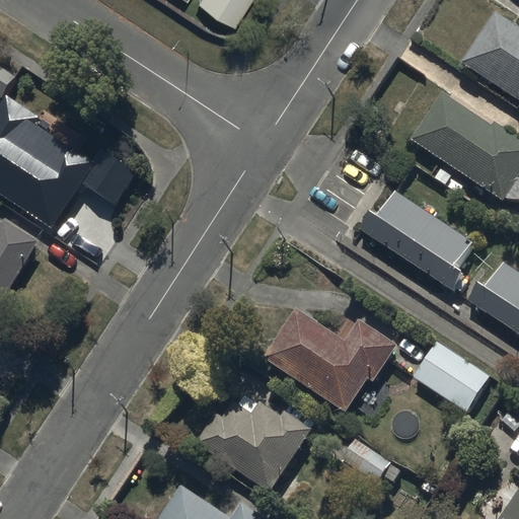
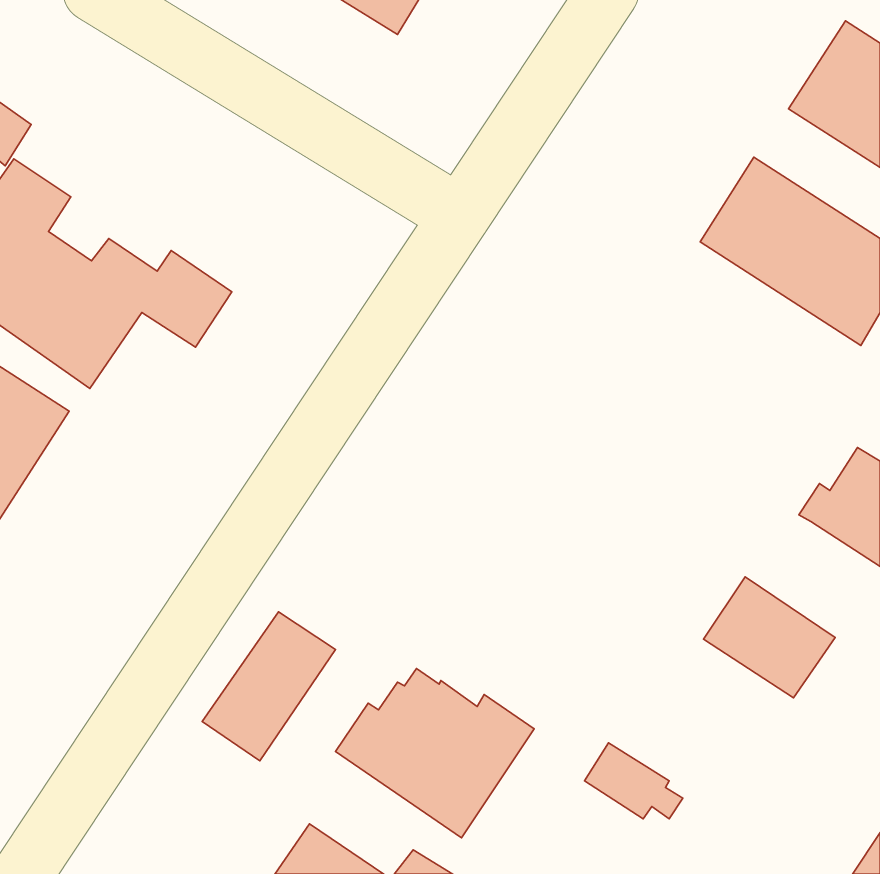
building: [360,193,474,293] -> none
building: [263,306,398,411] -> none
building: none -> [202,612,336,761]

